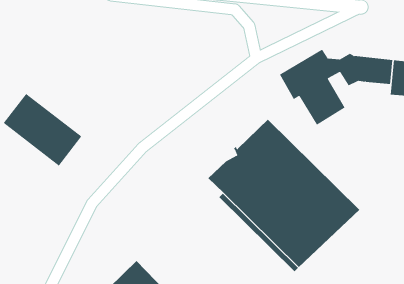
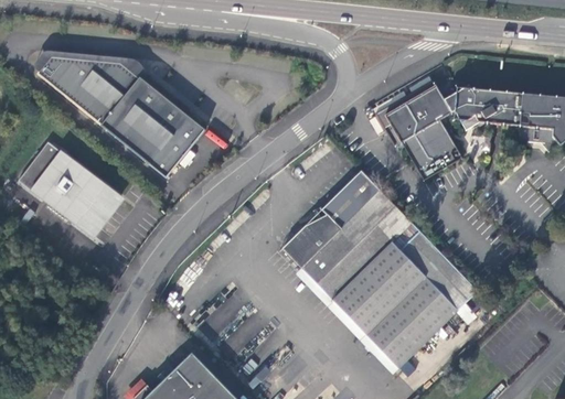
building: none -> [40,53,207,175]

